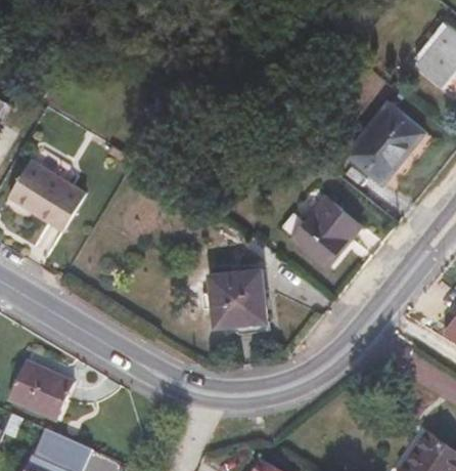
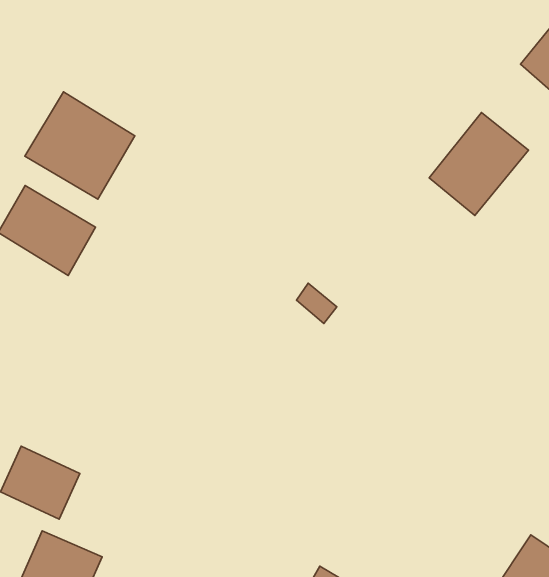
building: none -> [25,92,135,199]
building: [294,197,360,262] -> none
building: [211,271,267,329] -> none

